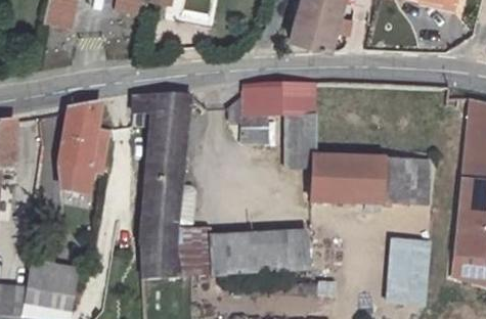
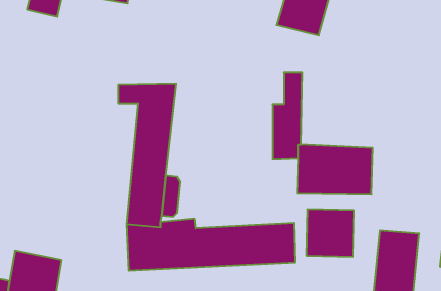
building: [226,83,297,143] -> none
building: [59,102,108,193] -> none
building: [384,157,431,204] -> [307,209,354,257]

